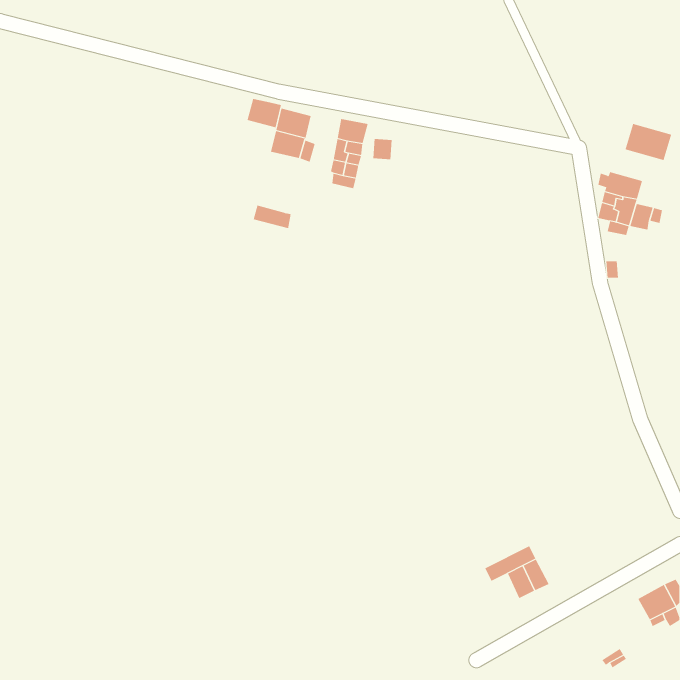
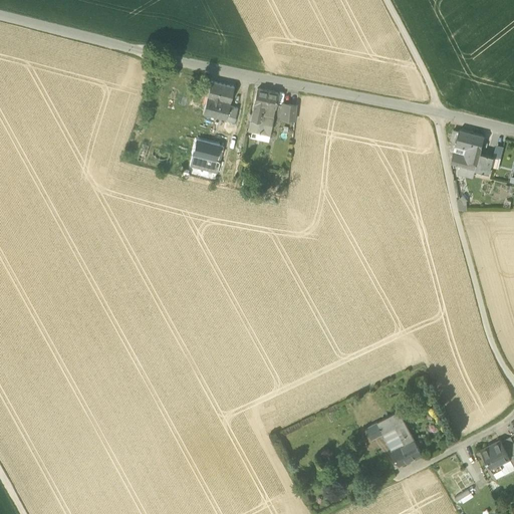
building: [247,98,282,128] -> none
building: [625,123,672,161] -> none
building: none -> [194,140,220,161]
building: none -> [392,441,421,465]

